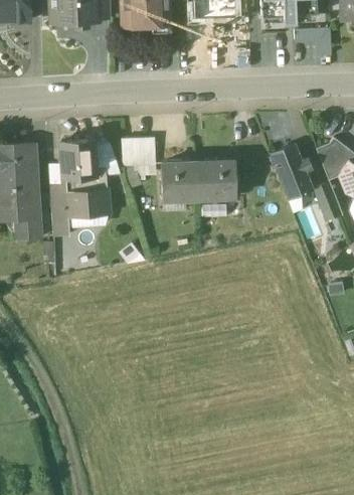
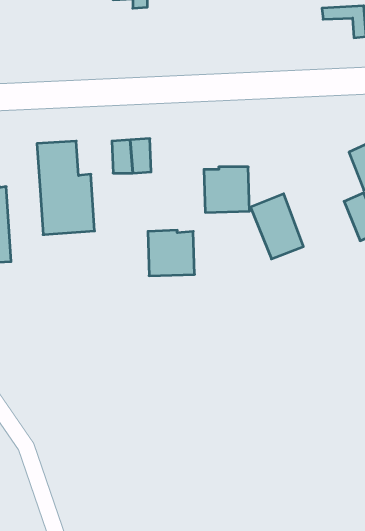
building: [270,143,313,196] -> [251,194,303,259]
building: [161,161,199,198] -> [148,230,195,276]
building: [50,183,68,224] -> none

